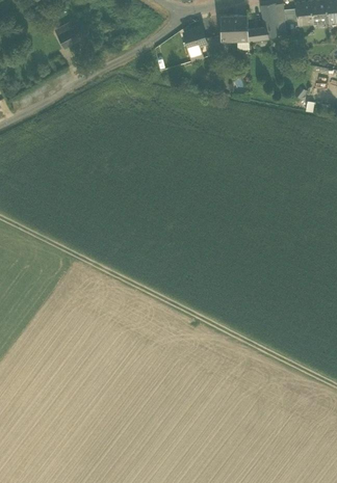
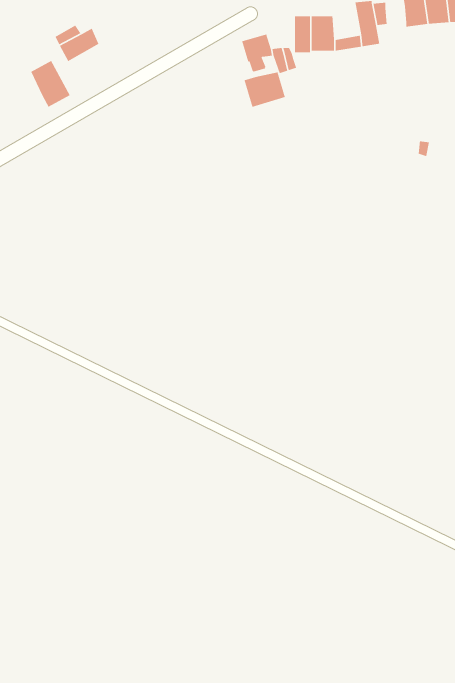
building: none -> [30,60,71,108]
building: none -> [243,72,286,108]

